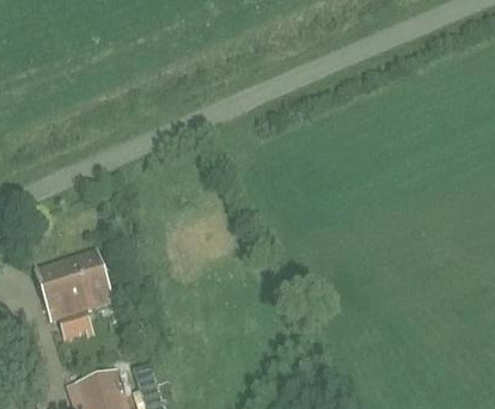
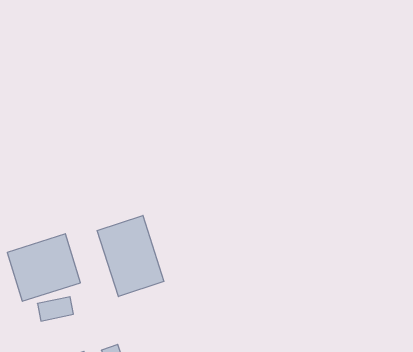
building: none -> [97,215,164,297]

